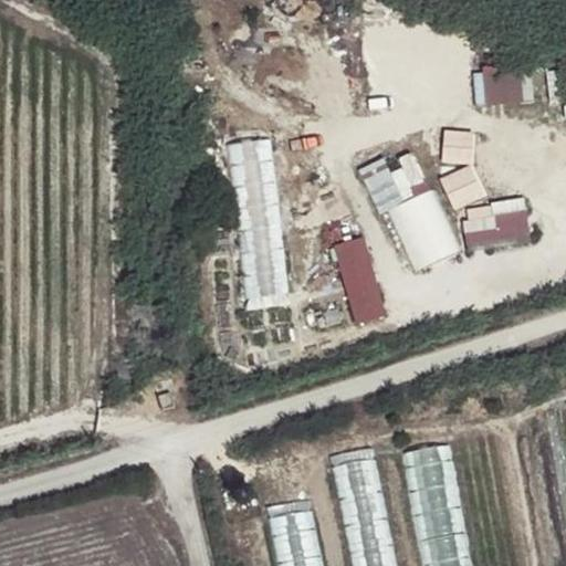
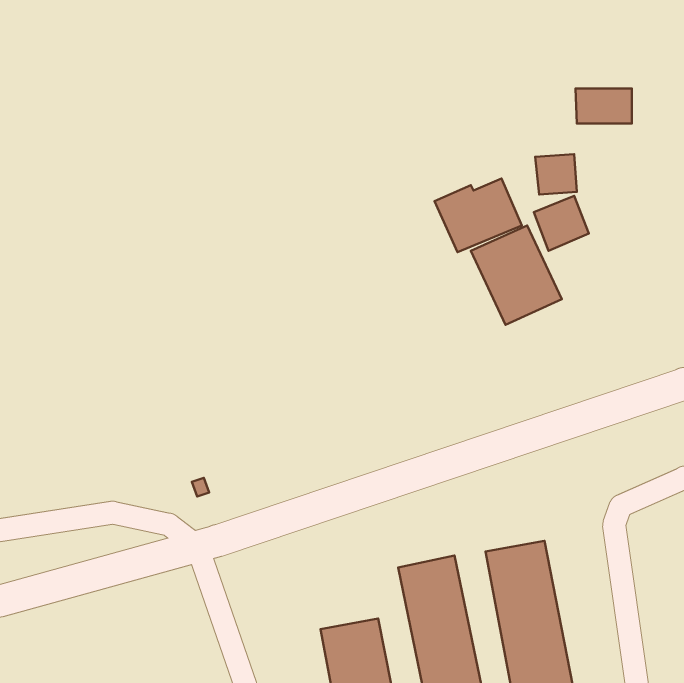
building: [231,137,287,297] -> none
building: [463,198,531,245] -> none
building: [332,235,387,325] -> none

